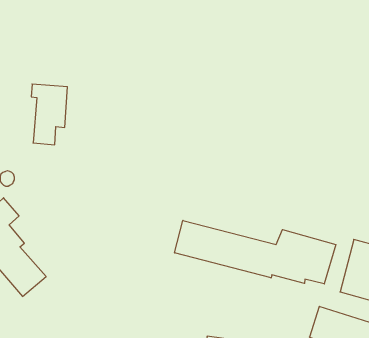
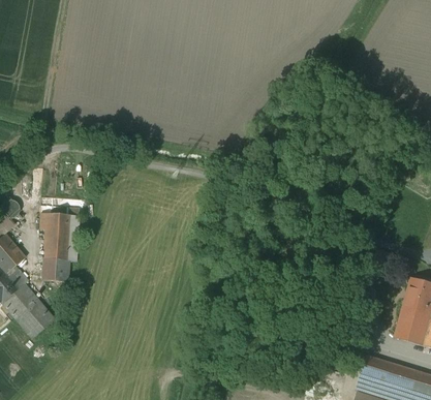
building: [31,84,67,145] -> [38,213,80,282]
building: [175,220,336,284] -> none

